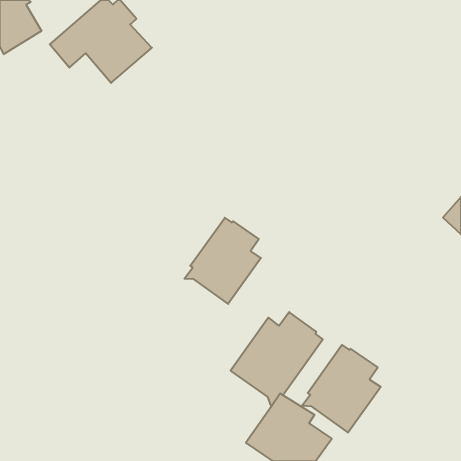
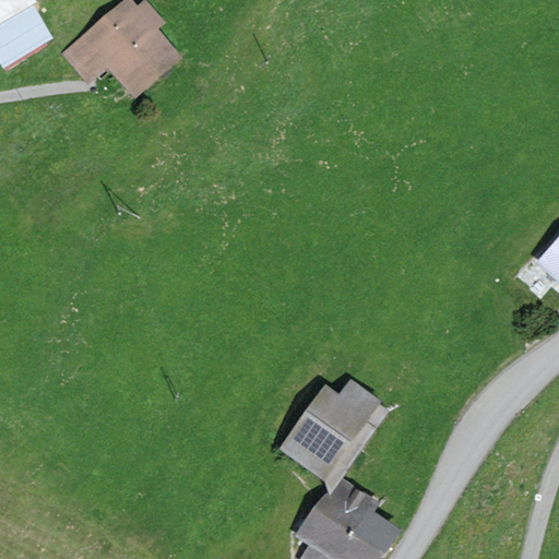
building: [184,218,261,304] -> none
building: [302,345,381,433] -> none

